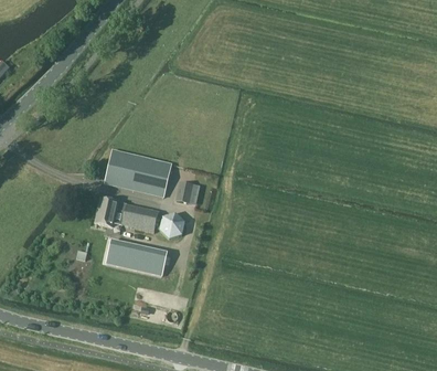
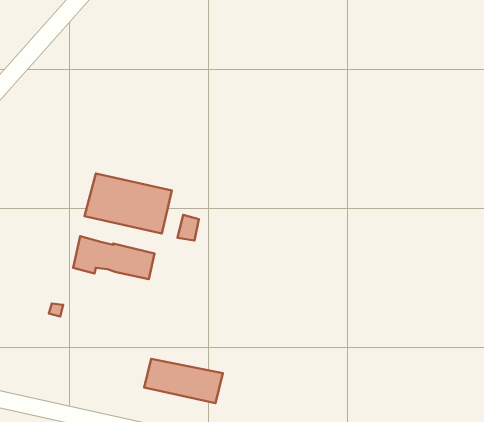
building: [159,212,185,239] -> none
building: [106,240,167,274] -> [144,359,223,403]

